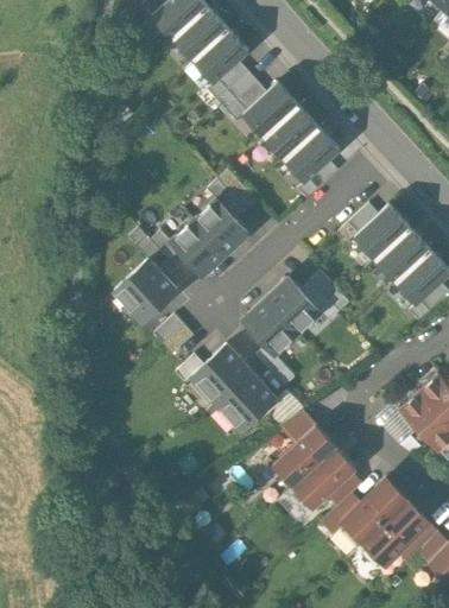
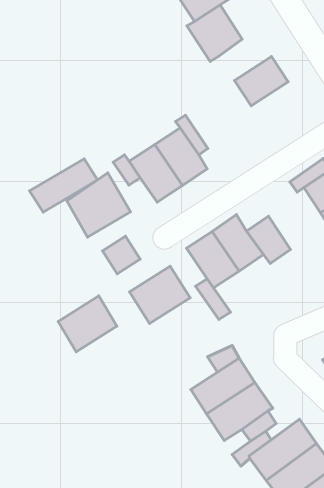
building: [244,82,298,137] -> none
building: [285,129,339,180] -> none
building: none -> [30,159,98,212]
building: [215,369,277,431] -> [58,296,117,352]

